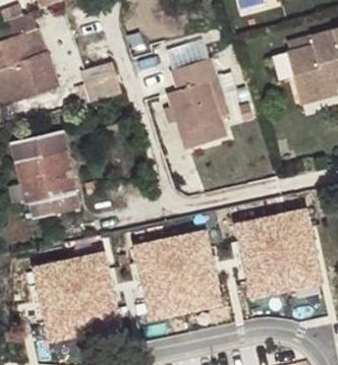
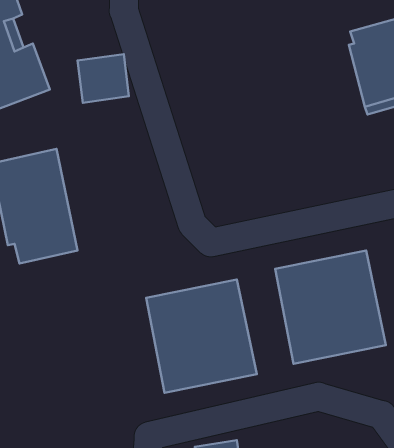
building: [168,42,231,148] -> none
building: [33,251,118,338] -> none

